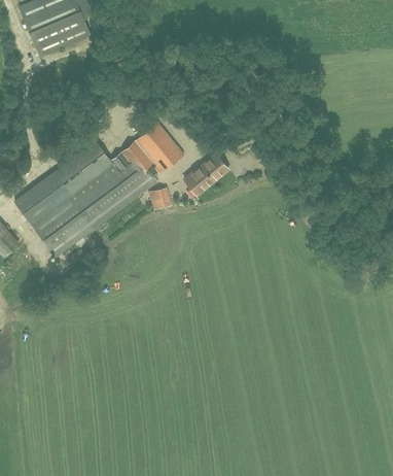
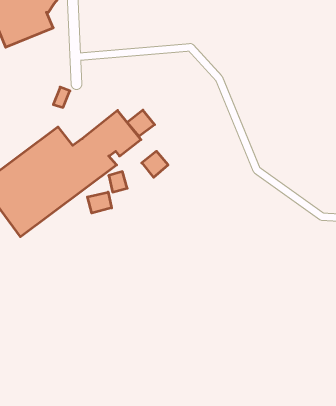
building: [199,151,227,179] -> [127,110,155,136]
building: none -> [87,192,112,213]

